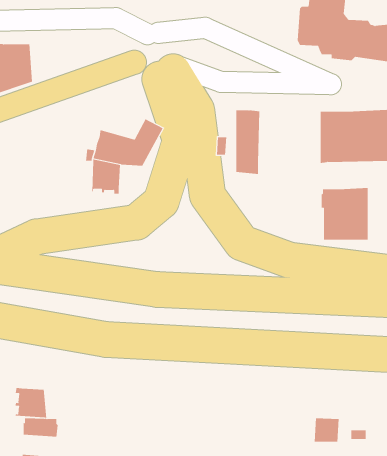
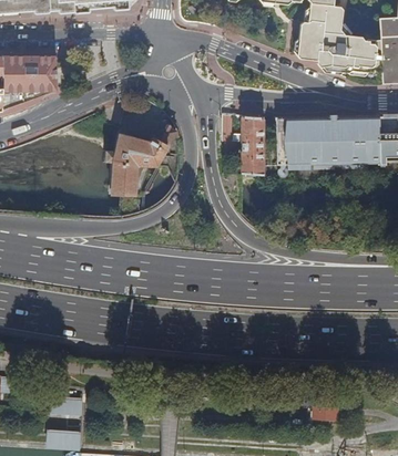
building: [321,187,368,240] -> [275,117,318,165]
building: [15,387,47,419] -> none

